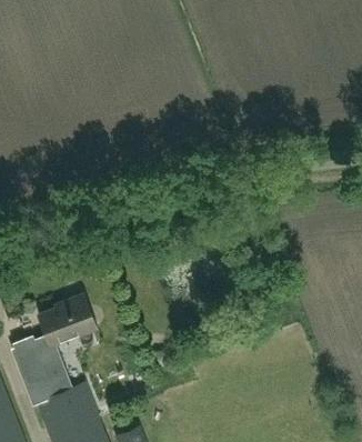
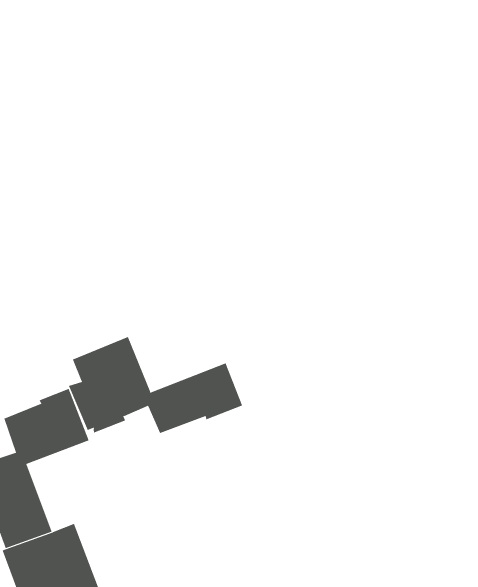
building: none -> [68,336,243,434]

